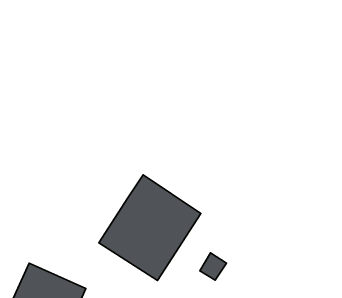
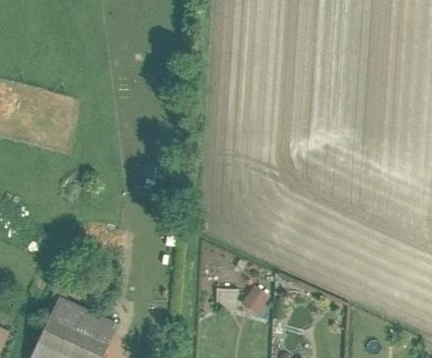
building: [99,175,201,280] -> none

